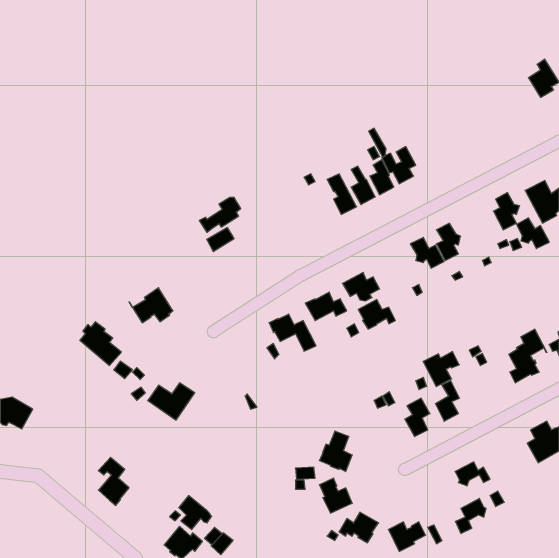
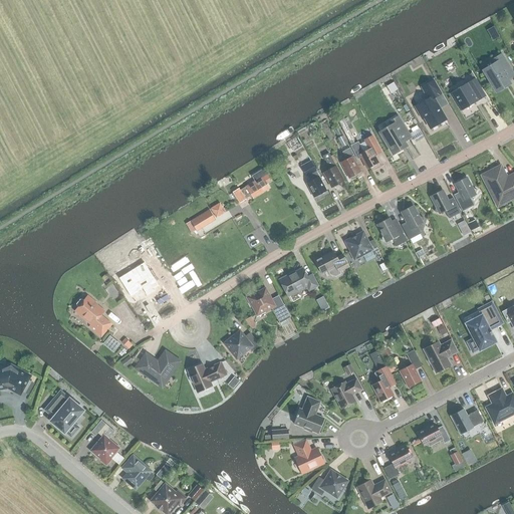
building: none -> [450,71,486,110]
building: none -> [416,79,448,127]
building: none -> [380,115,409,151]
building: [199,197,241,232] -> [233,170,271,202]
building: [517,218,549,249] -> [431,190,461,218]
building: [358,300,395,329] -> [345,232,379,259]
building: [423,352,459,387] -> [424,339,457,371]
building: none -> [223,330,260,357]
building: none -> [187,361,226,390]
building: none -> [330,377,361,408]
building: none -> [47,392,81,437]
building: none -> [450,409,483,434]
building: [179,496,212,529] -> [123,456,154,487]
building: [455,498,486,534] -> [383,446,412,478]

